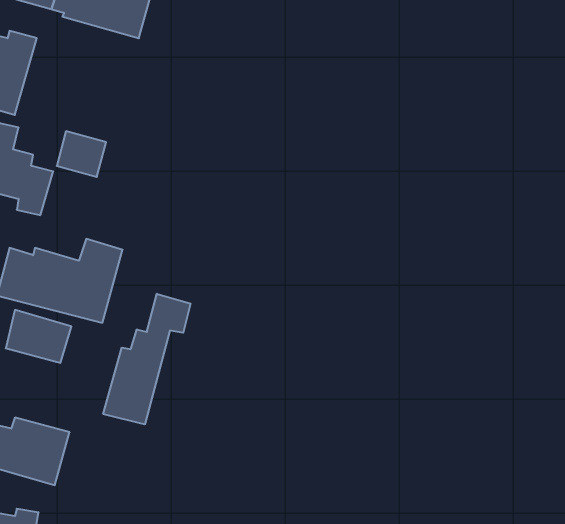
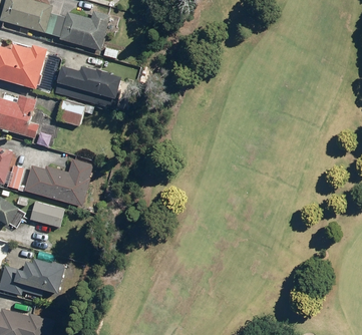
building: none -> [55,68,119,100]
building: [103,294,191,424] -> none

